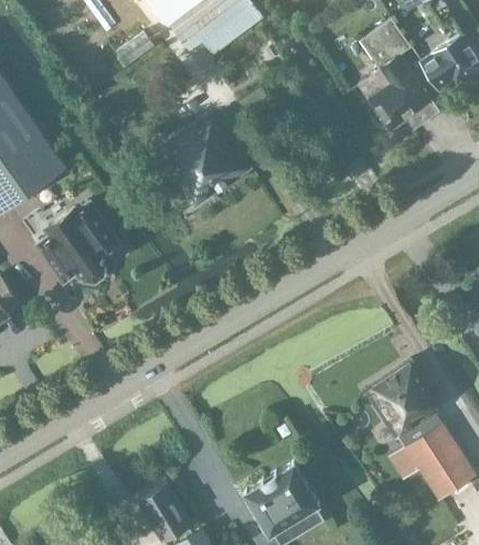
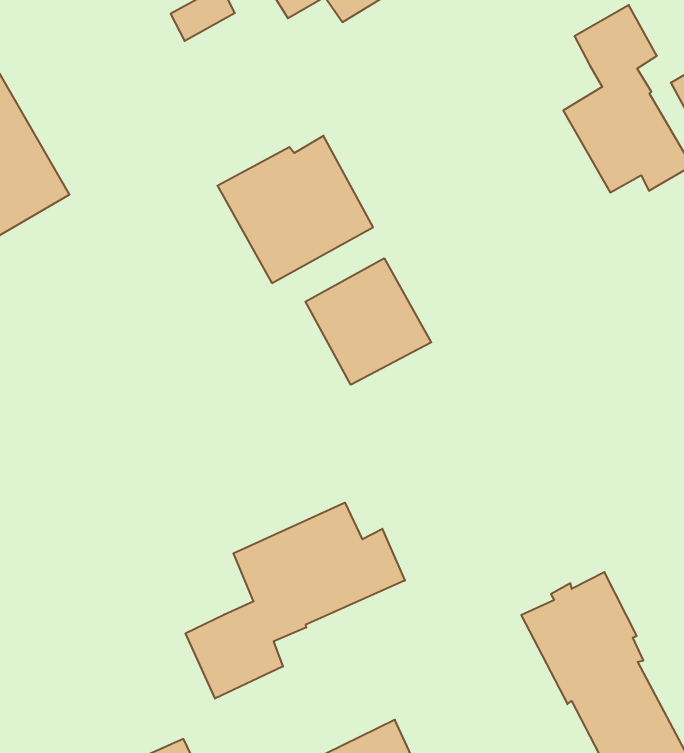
building: none -> [305,258,431,385]
building: [36,204,118,282] -> none
building: none -> [186,503,405,699]

